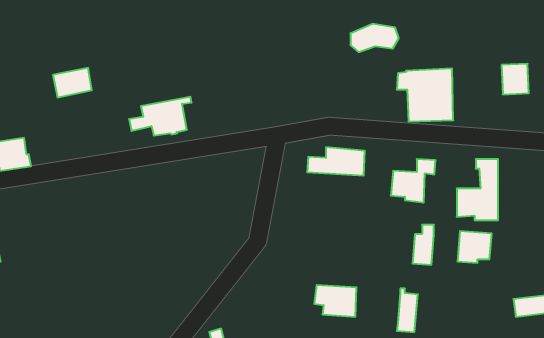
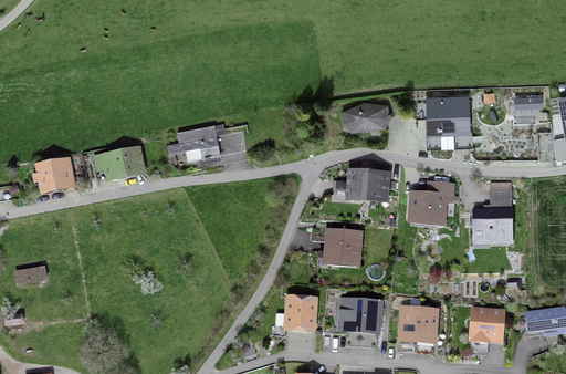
building: [350,24,399,52] -> [344,103,389,129]
building: [53,68,92,97] -> [105,150,142,178]
building: none -> [312,231,358,264]
building: [413,225,434,265] -> [400,299,420,336]
building: [458,231,492,263] -> [471,310,503,340]
building: none -> [286,299,315,329]

